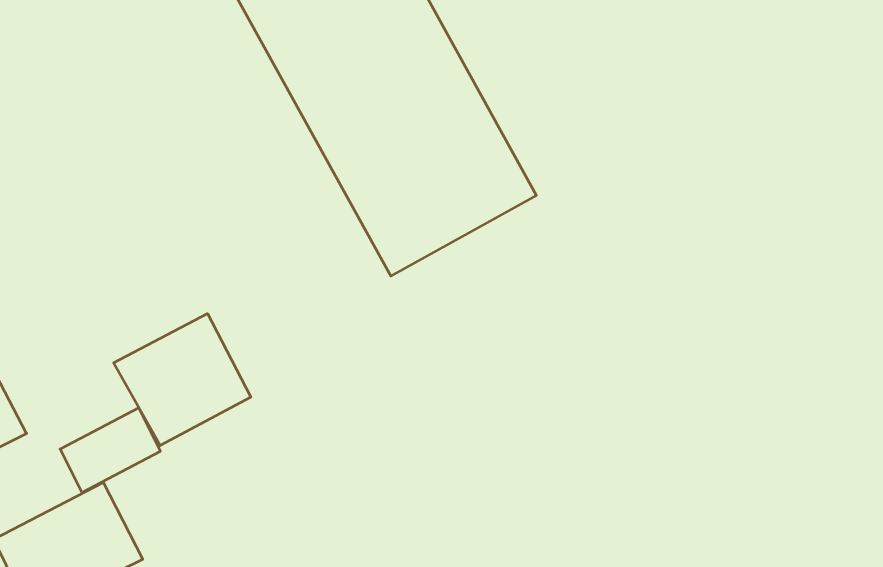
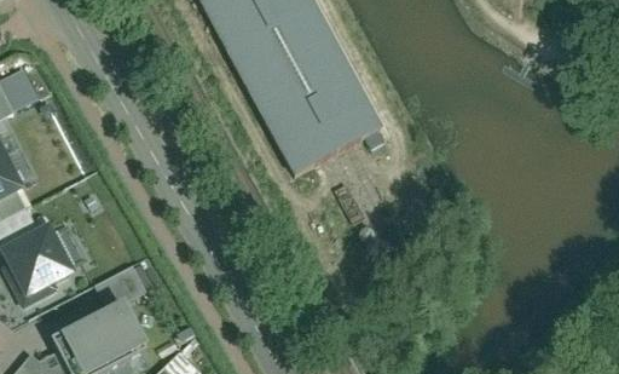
building: [114,314,251,446] -> none

